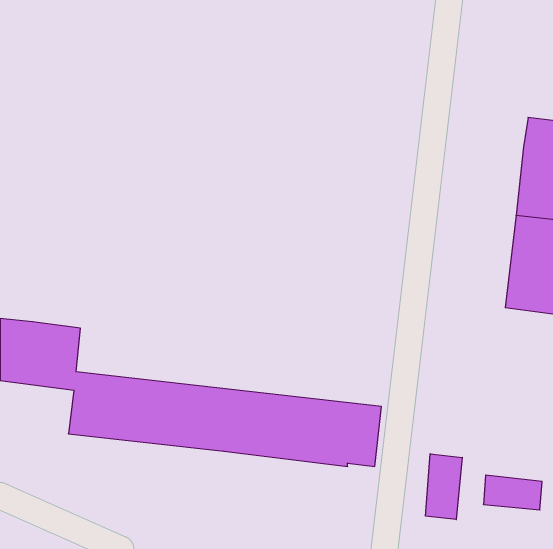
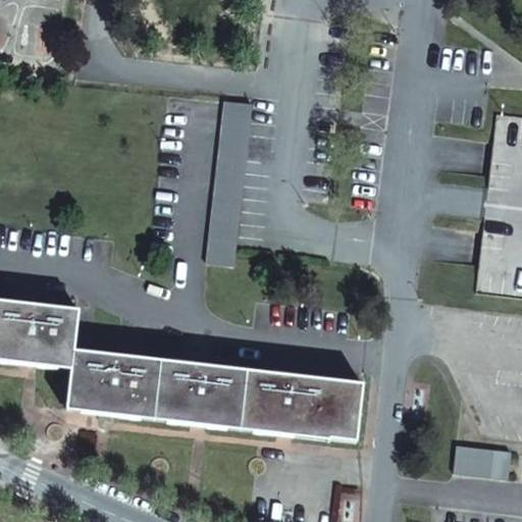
building: none -> [206,96,252,265]
building: [426,454,462,520] -> none

